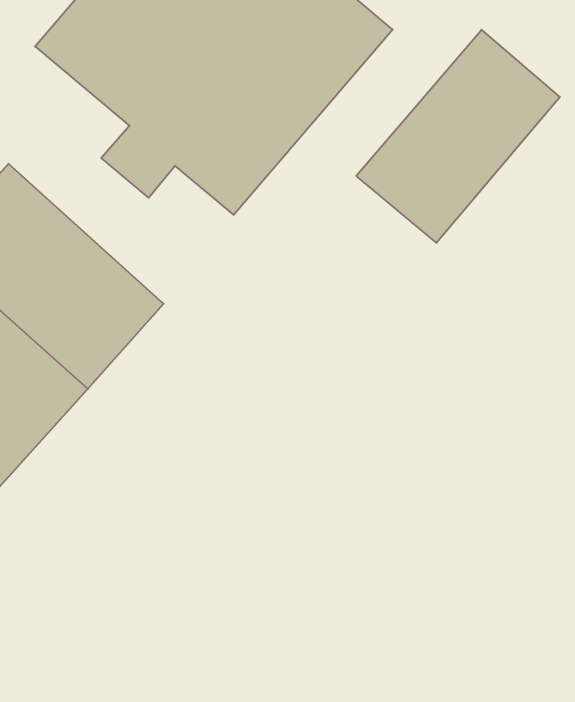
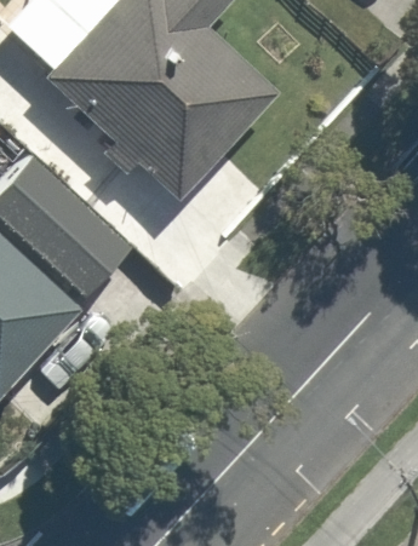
building: [356,30,560,243] -> none

